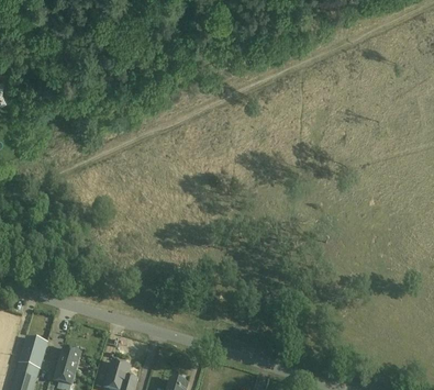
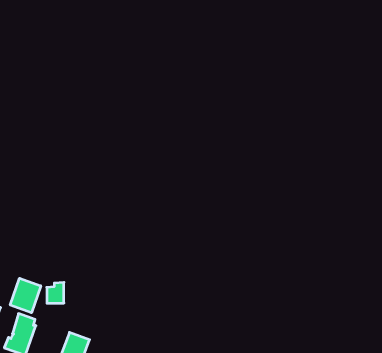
building: none -> [10,278,41,313]

